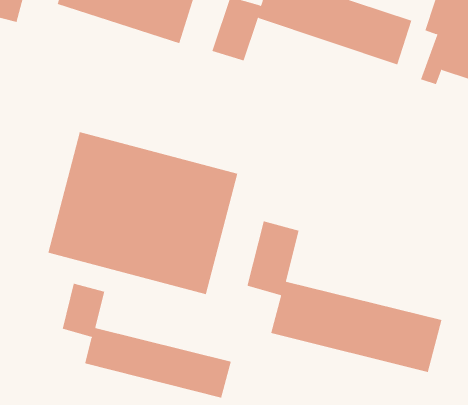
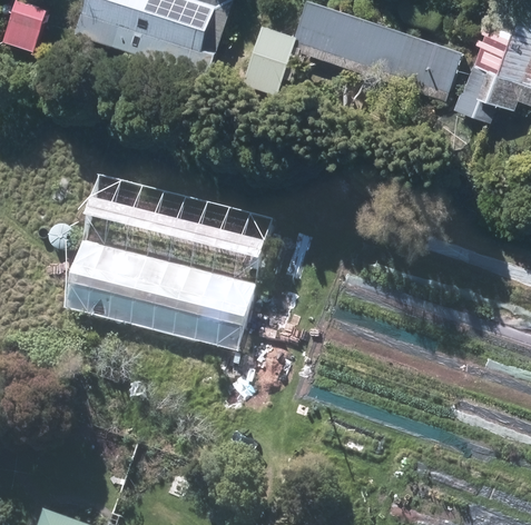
building: [247,220,442,373] -> none
building: [62,283,231,399] -> none

